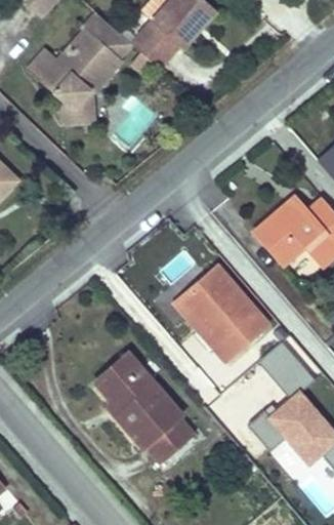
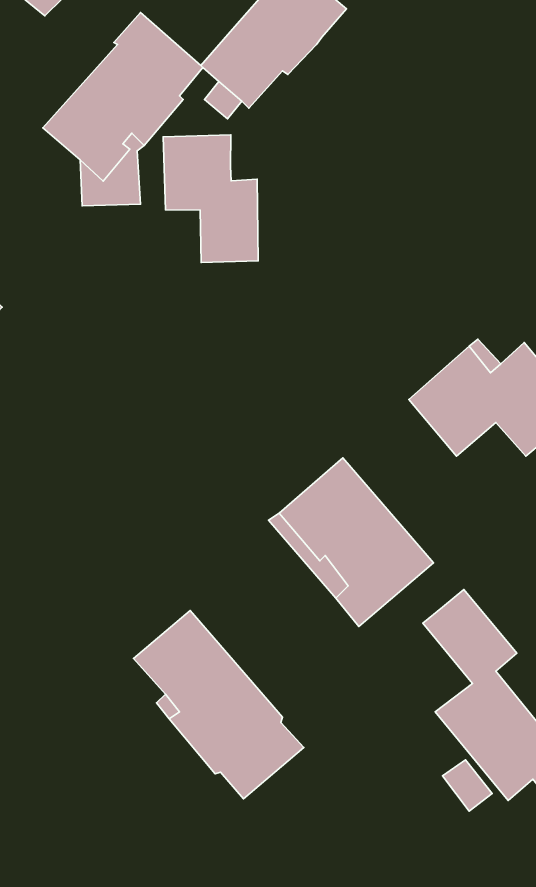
building: none -> [163,135,258,262]

